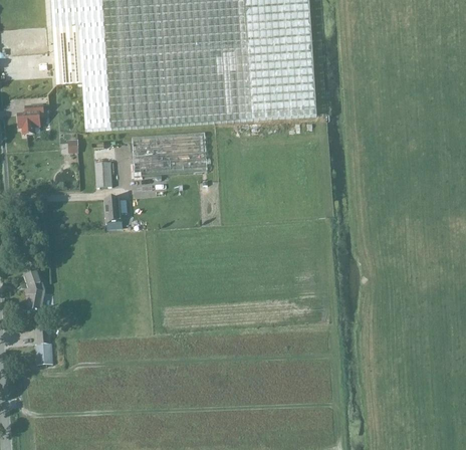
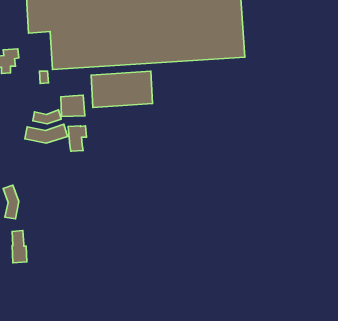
building: none -> [33,110,61,124]
building: none -> [25,124,67,143]

